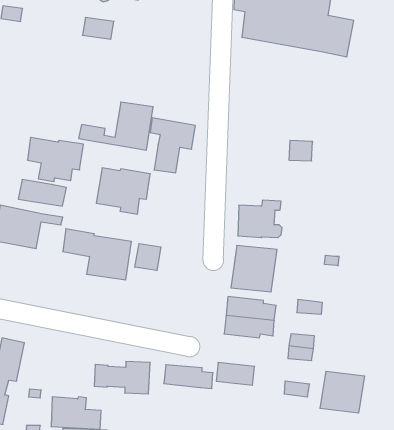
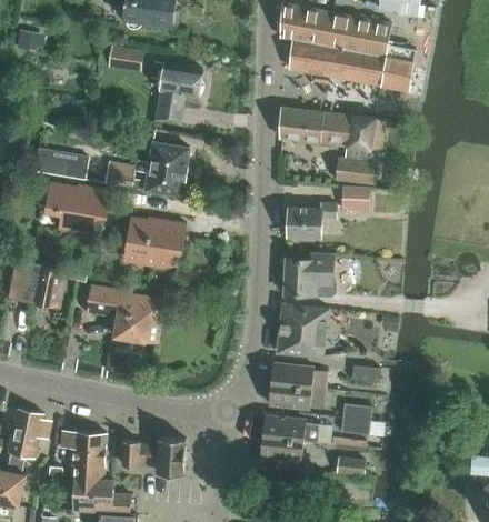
building: none -> [280,107,389,185]
building: [150,118,195,173] -> [151,61,202,123]
building: none -> [287,203,336,238]
building: [18,180,66,206] -> [34,149,89,179]
building: [135,244,161,271] -> none
building: none -> [61,429,107,478]
building: [164,365,213,388] -> [262,415,318,442]
building: [320,371,365,413] -> none

